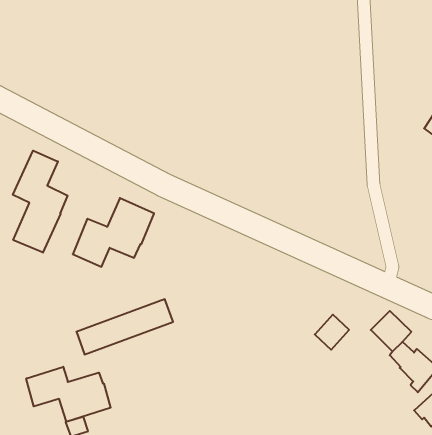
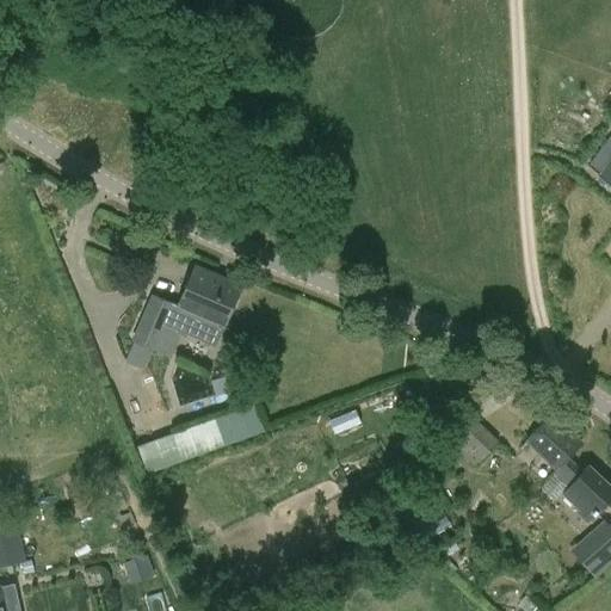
building: [13,151,67,253] -> none
building: [26,367,111,422] -> none

